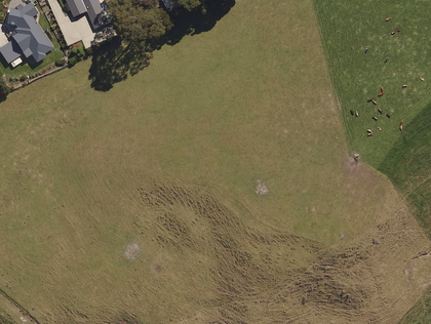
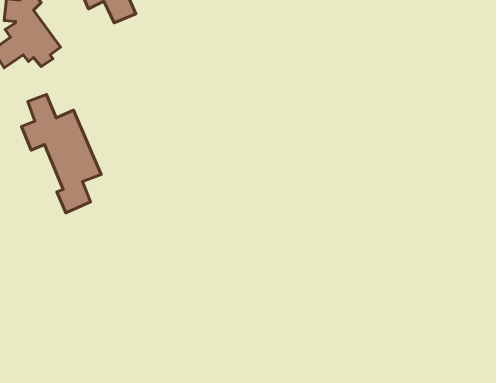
building: none -> [21,94,101,213]

